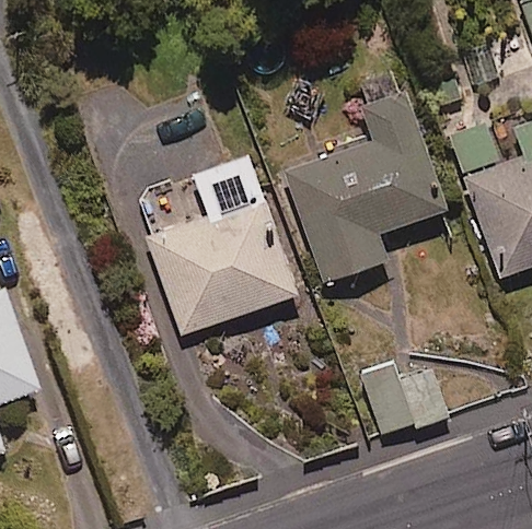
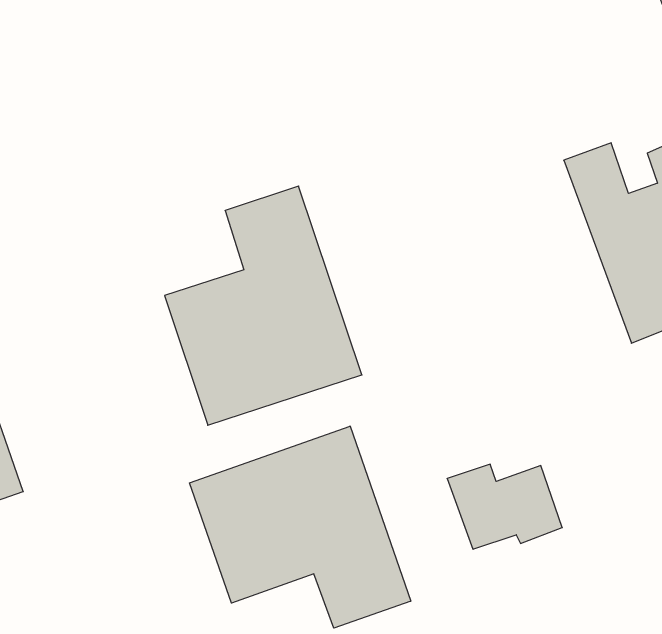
building: [285,95,448,286] -> none
building: none -> [189,426,411,628]

